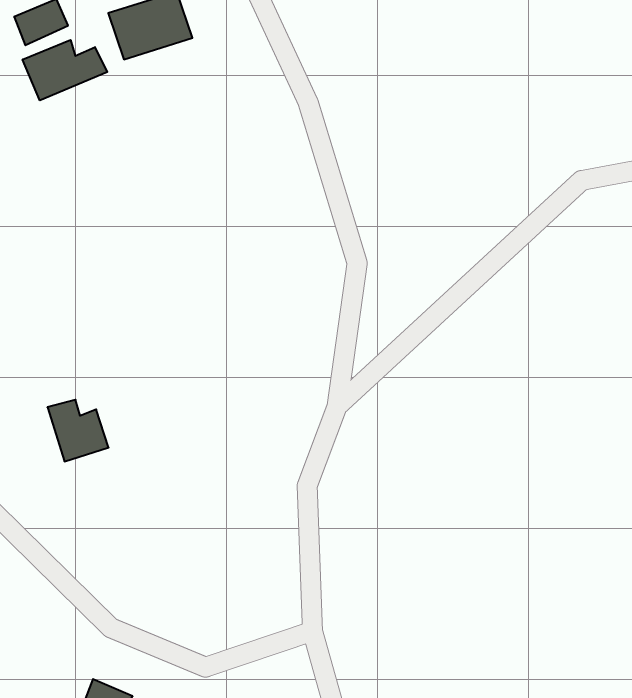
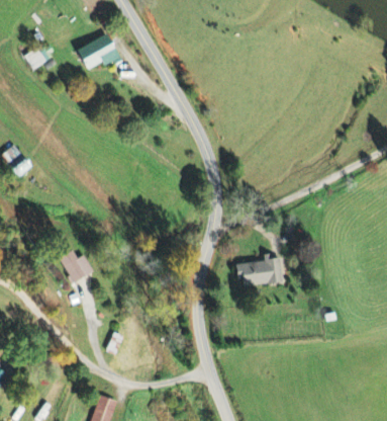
building: [23,40,107,100] -> none
building: none -> [237,255,285,286]

